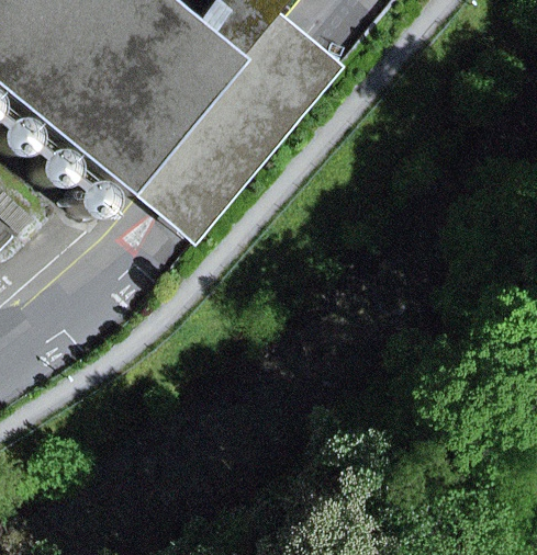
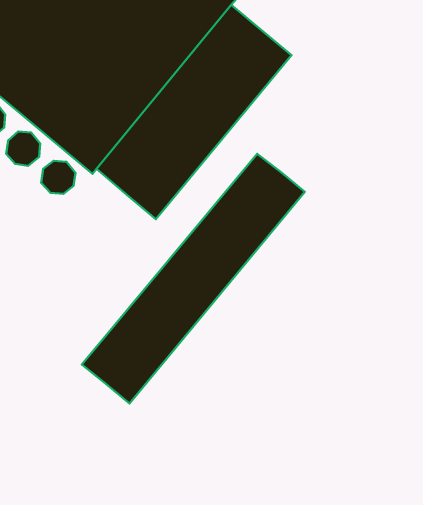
building: none -> [82,154,305,403]

